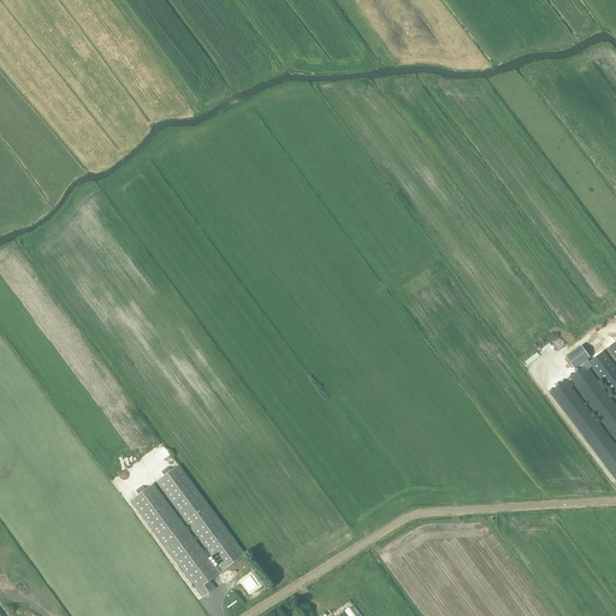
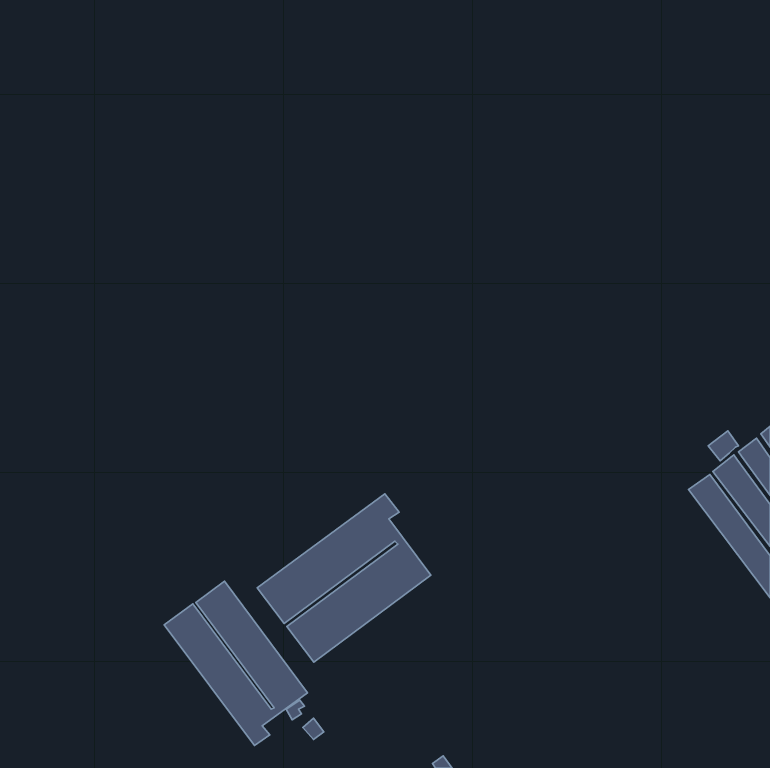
building: none -> [257,494,431,662]

